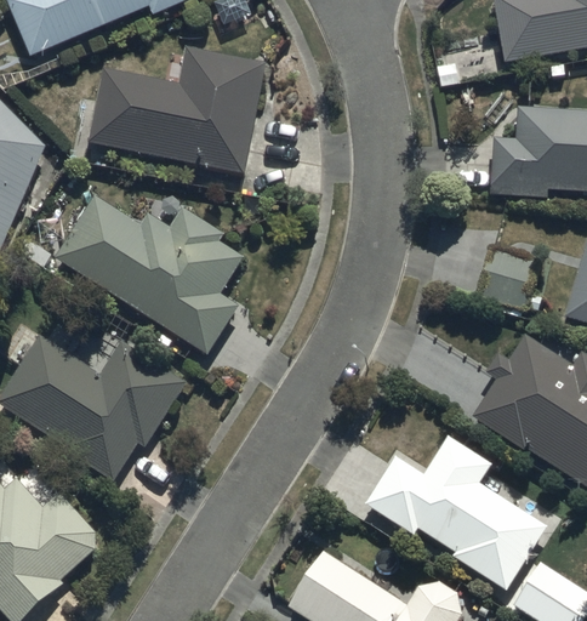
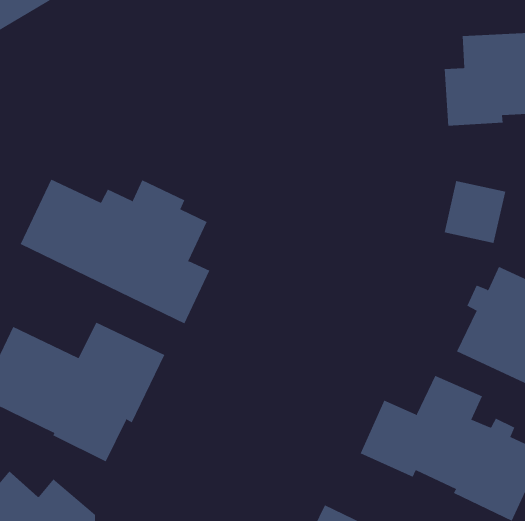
building: [87,45,268,175] -> none

